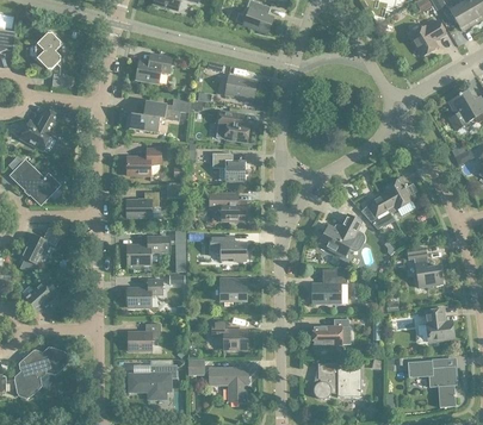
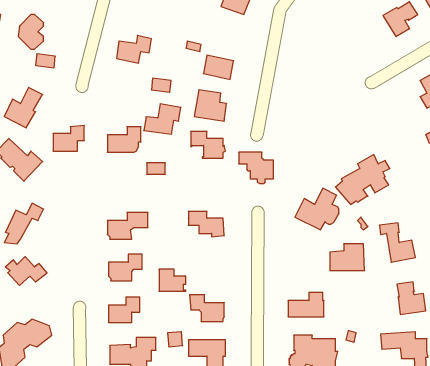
building: [128,100,166,131] -> [144,104,181,134]
building: [125,190,157,217] -> [53,126,84,151]
building: [209,192,244,224] -> [239,152,273,183]
building: [311,275,347,302] -> [330,244,365,271]
building: [218,277,246,300] -> [159,269,186,291]

